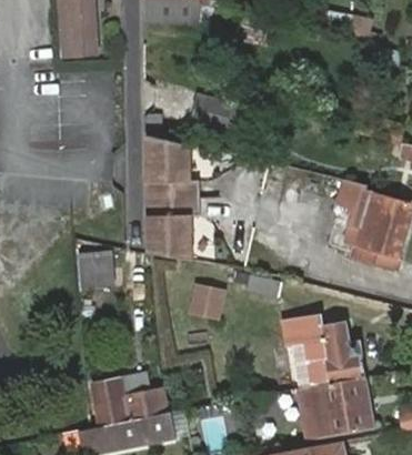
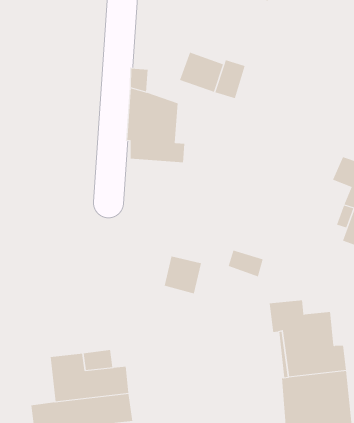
building: [147,198,201,261] -> none
building: [79,251,112,284] -> none

